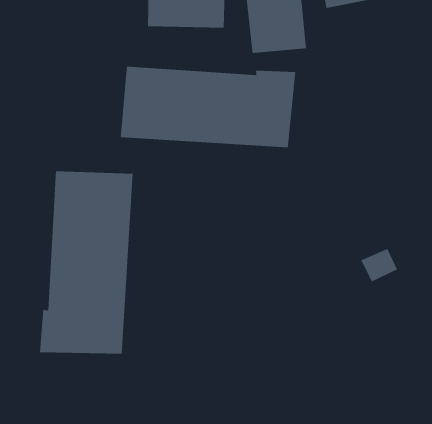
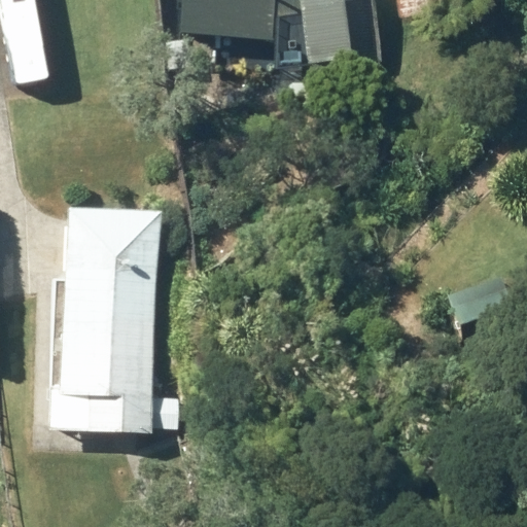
building: [120,66,296,148] -> none

